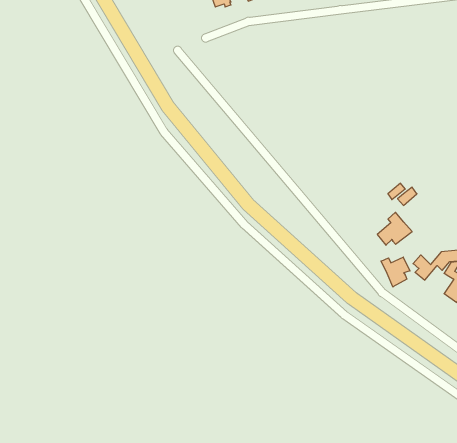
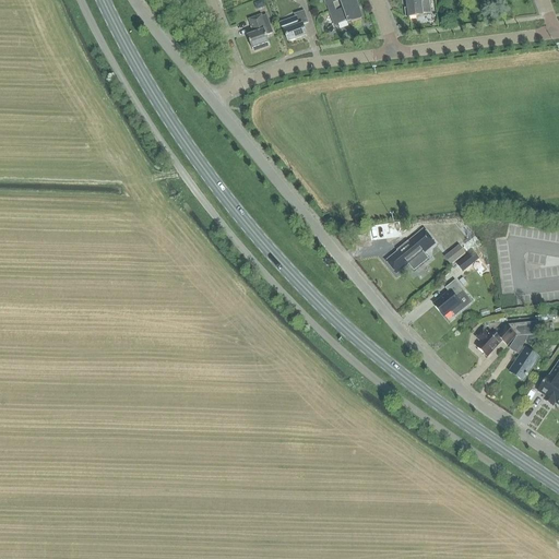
building: none -> [385,227,435,272]
building: [381,257,410,287] -> none

